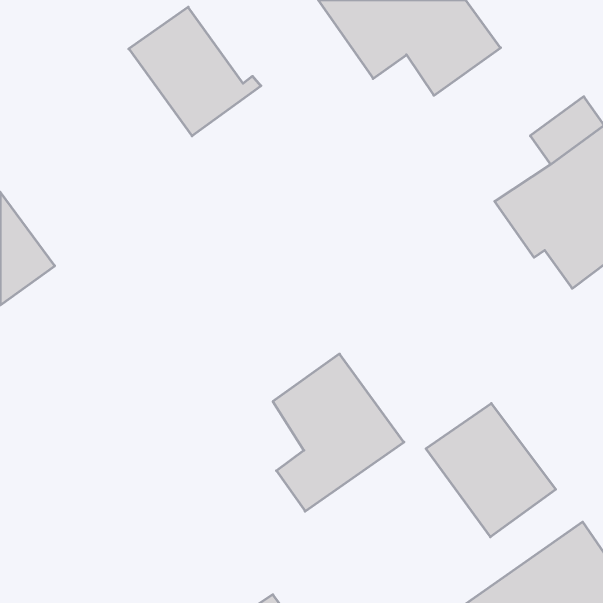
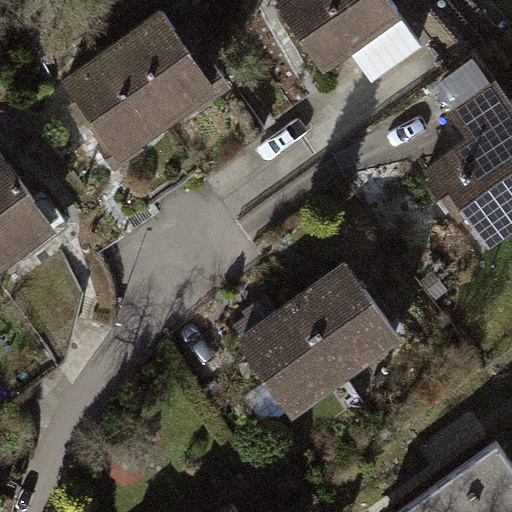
building: none -> [61,46,166,163]
building: [426,403,556,537] -> [290,264,399,376]

